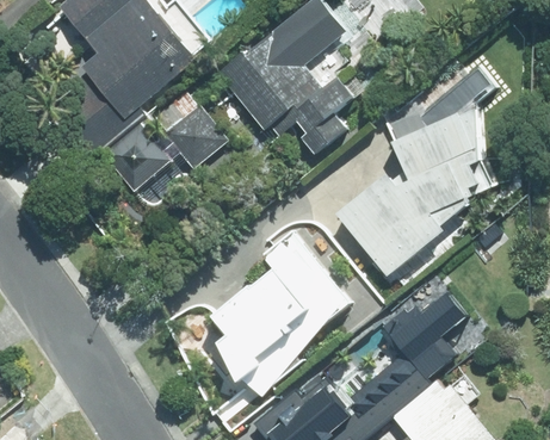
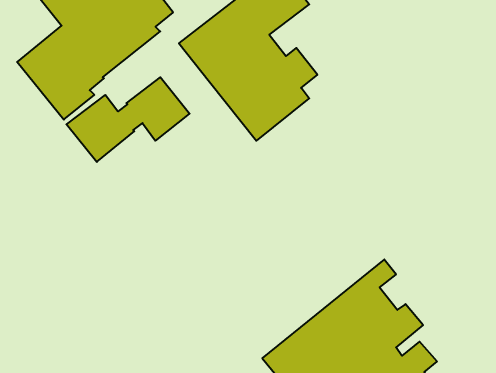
building: [335,105,481,274] -> none
building: [211,230,348,393] -> none

